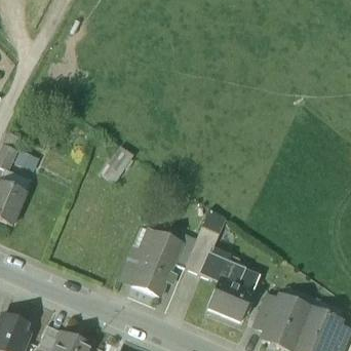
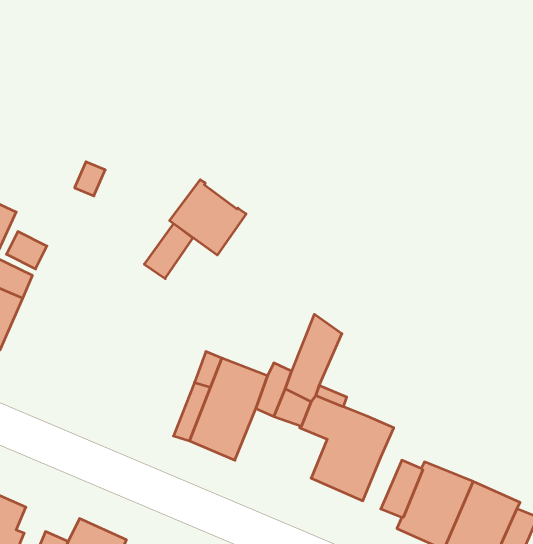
building: none -> [170,180,246,255]

